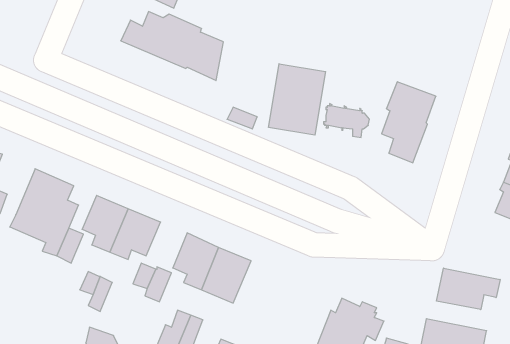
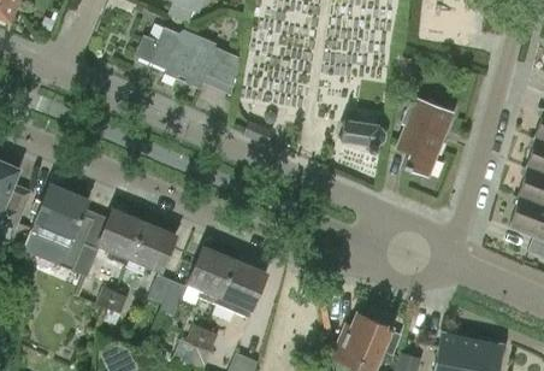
building: [269,64,326,135] -> none
building: [437,268,500,310] -> none

